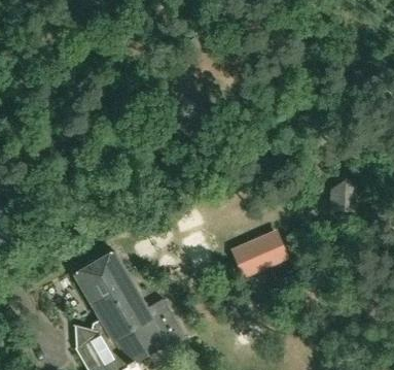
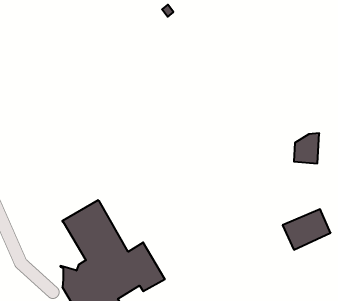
building: [232,231,285,275] -> [283,209,331,250]

